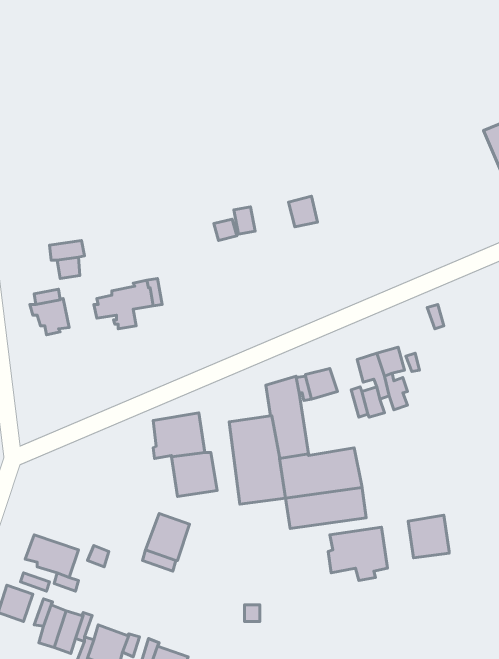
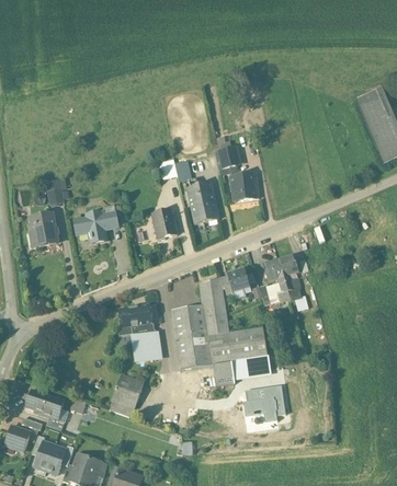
building: none -> [229,173,258,200]
building: none -> [185,183,218,223]
building: none -> [150,209,177,239]
building: [408,515,449,558] -> none

